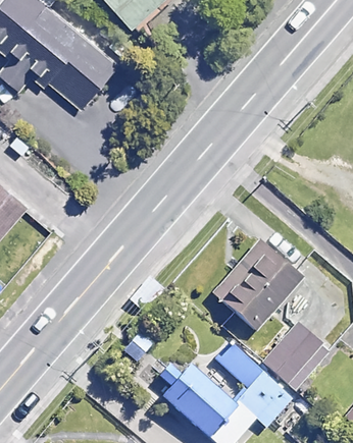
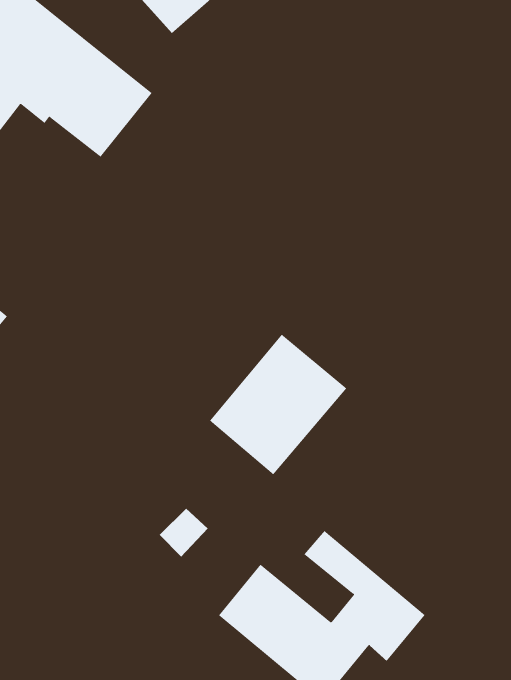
building: [214,242,302,332] -> [209,334,347,475]
building: [263,322,332,390] -> none

